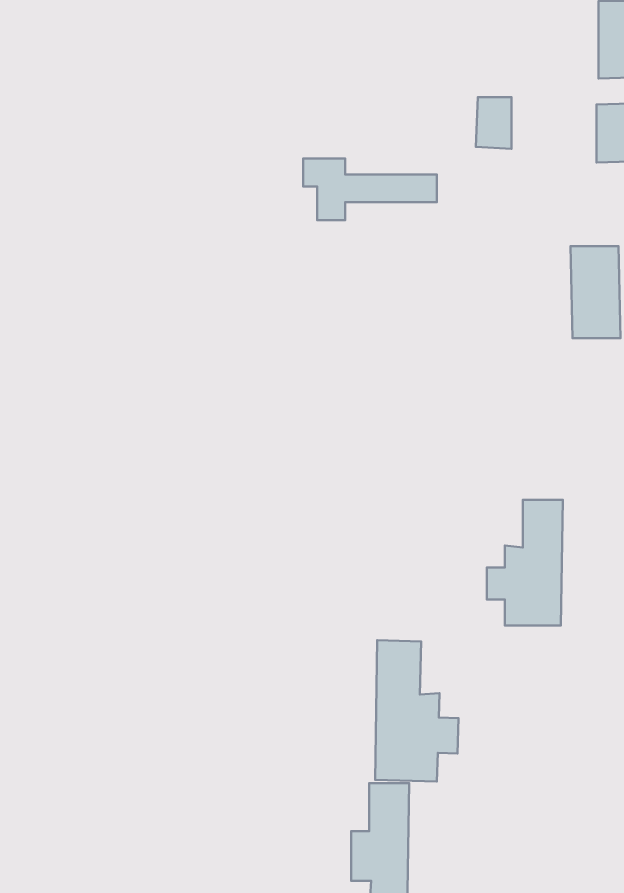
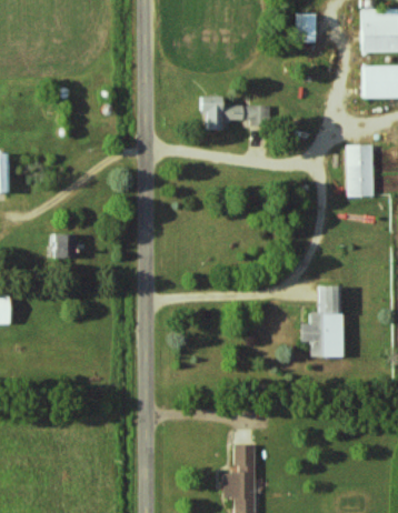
building: [476,97,512,149] -> [296,13,316,42]
building: none -> [53,233,77,258]
building: [375,640,459,782] -> none

